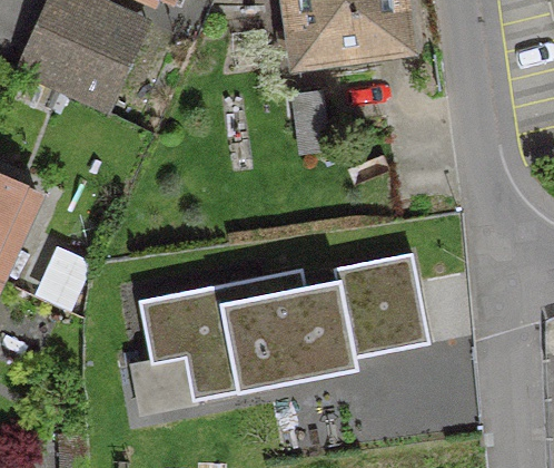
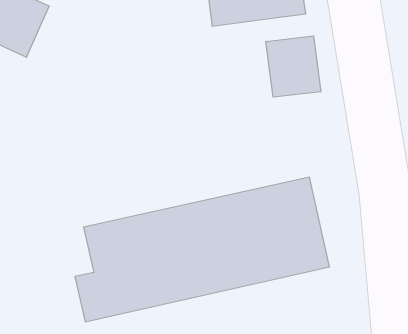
building: none -> [266,36,321,97]

